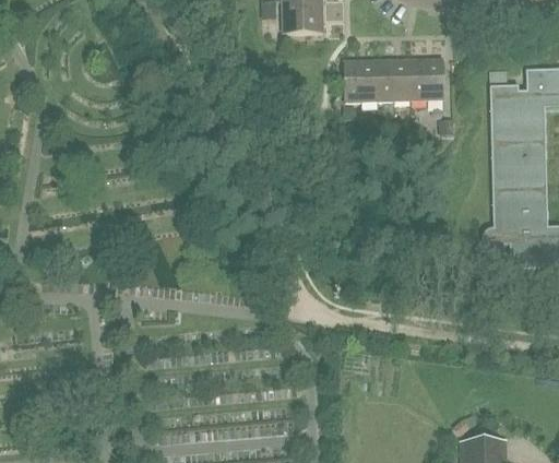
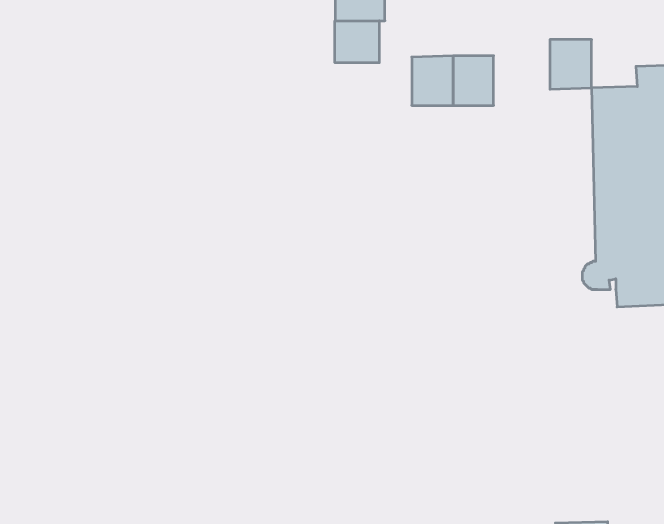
building: none -> [335,21,379,63]
building: [411,59,444,99] -> [550,40,592,89]

